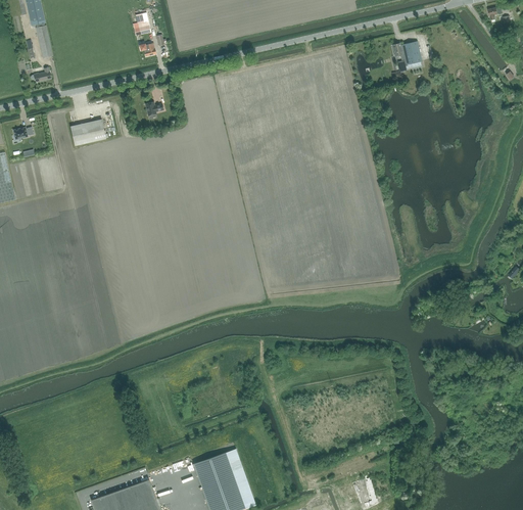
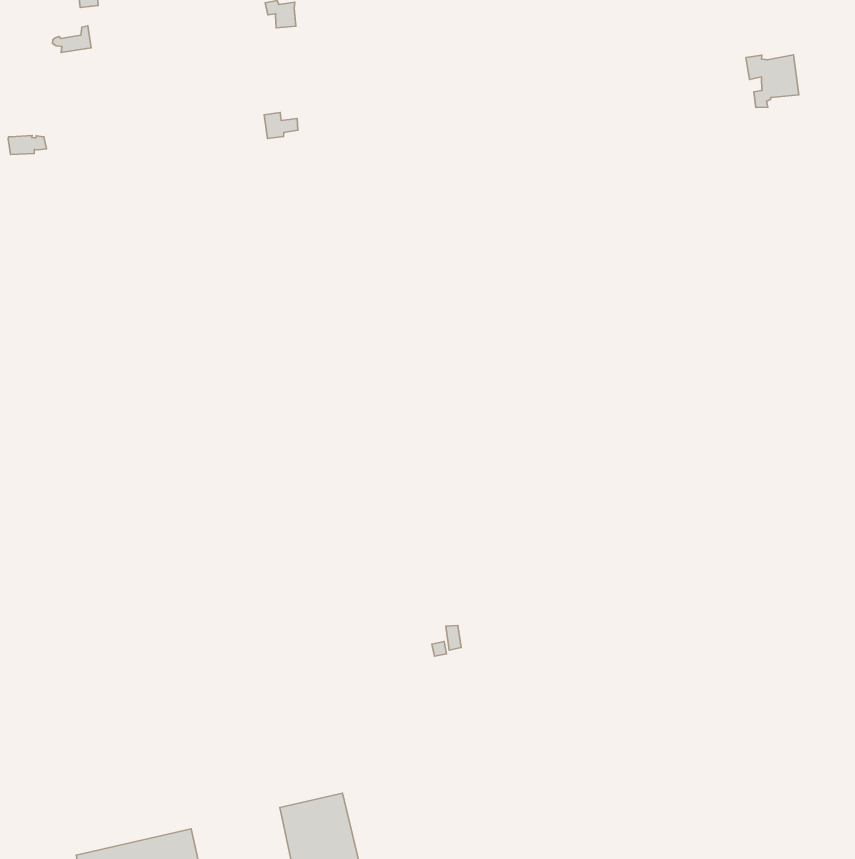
building: [70,119,108,146] -> none

